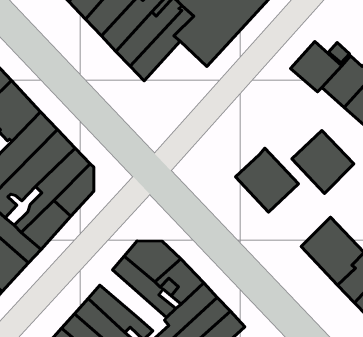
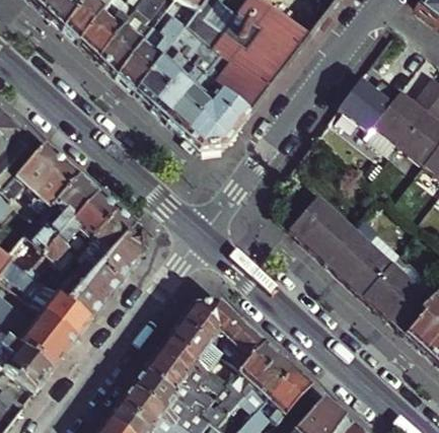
building: none -> [184,88,248,147]
building: [292,131,354,193] -> [325,228,391,294]
building: none -> [154,335,227,389]

